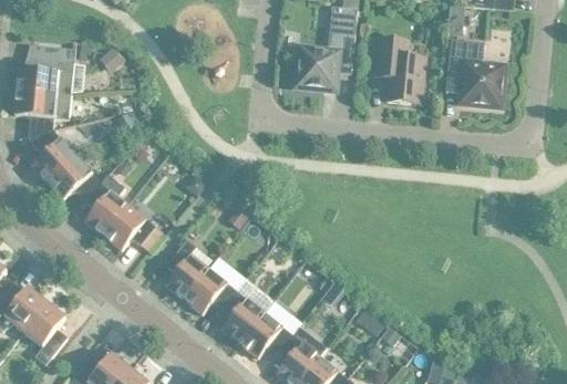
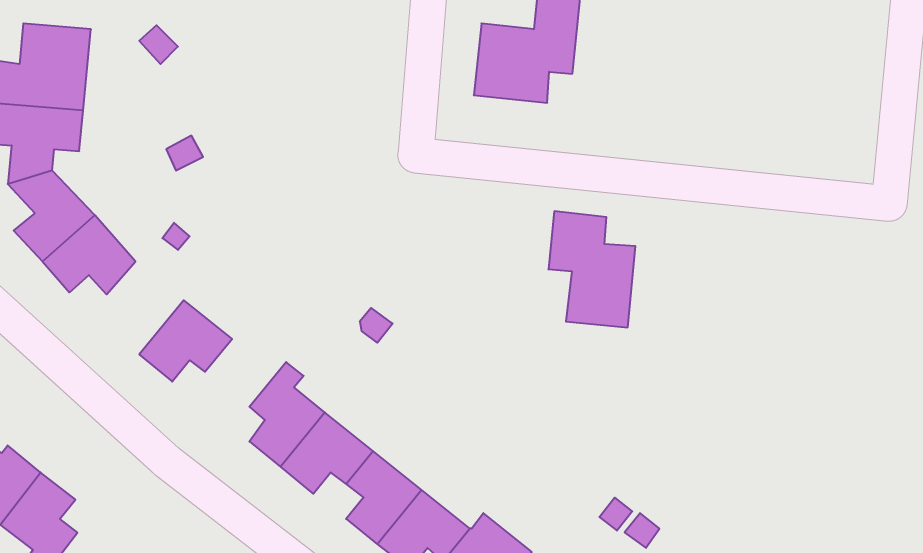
building: [375,37,425,103] -> [548,211,635,327]
building: [445,38,505,106] -> none
building: [83,180,127,233] -> none

